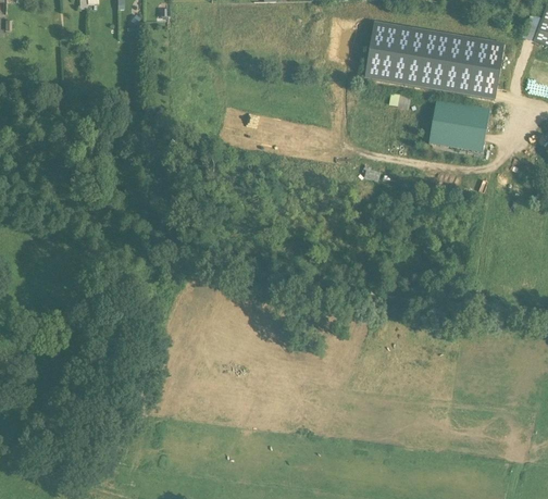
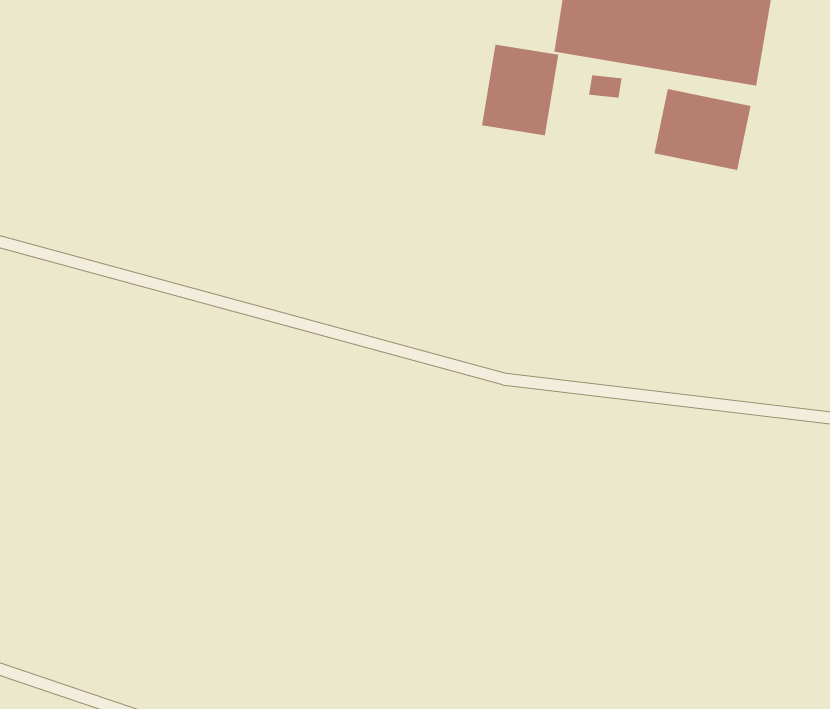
building: none -> [481,44,559,136]

